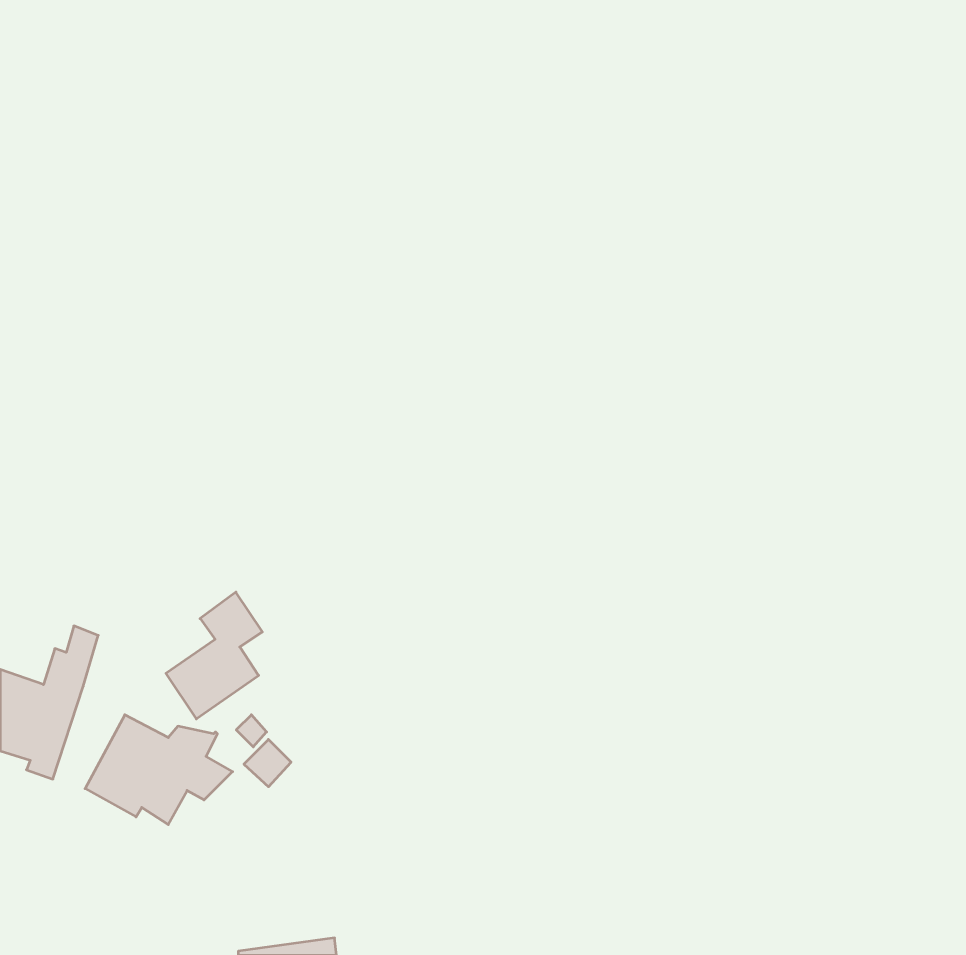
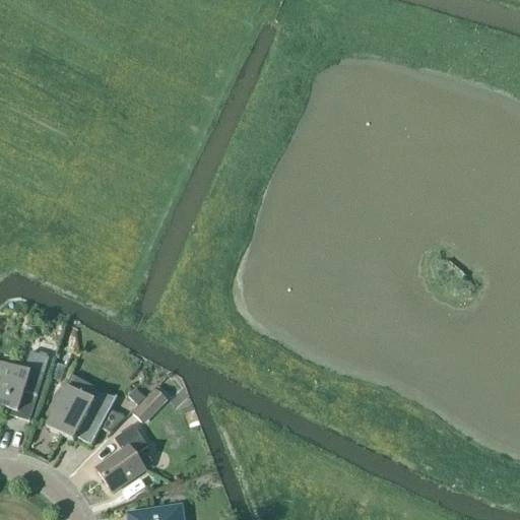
building: [166,592,262,719] -> [95,422,147,491]

